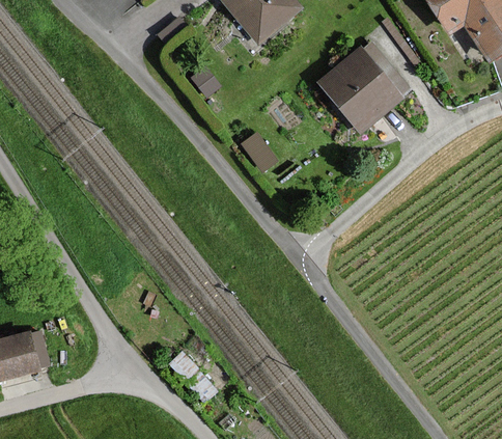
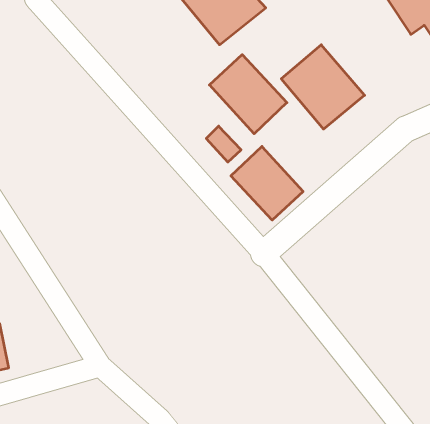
building: none -> [209,55,287,134]
building: none -> [231,146,303,220]

